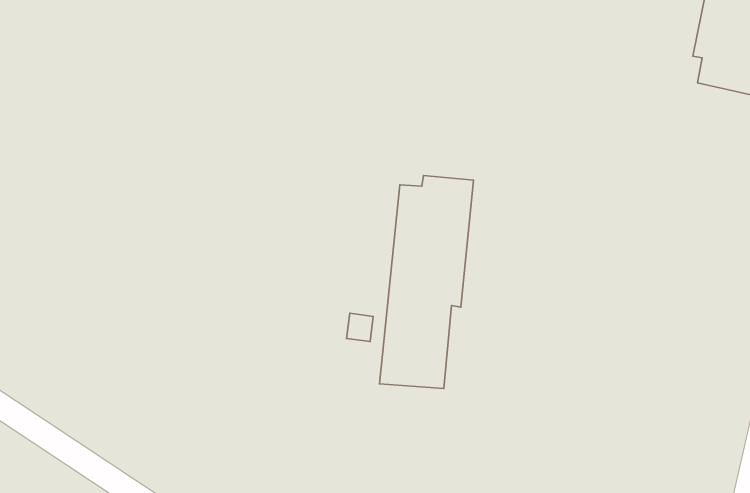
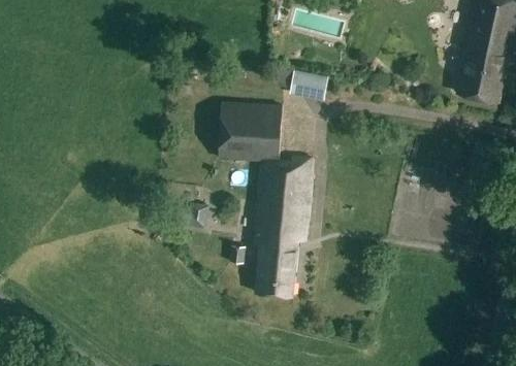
building: none -> [290,70,329,99]
building: none -> [219,102,283,161]

